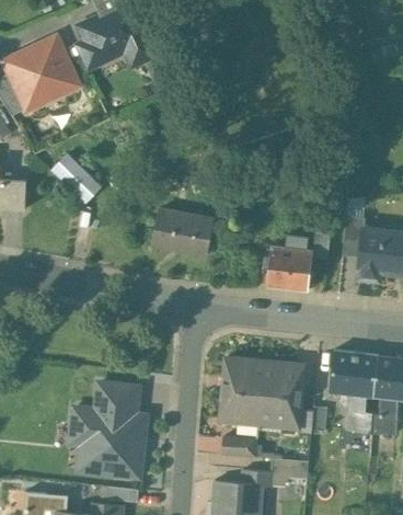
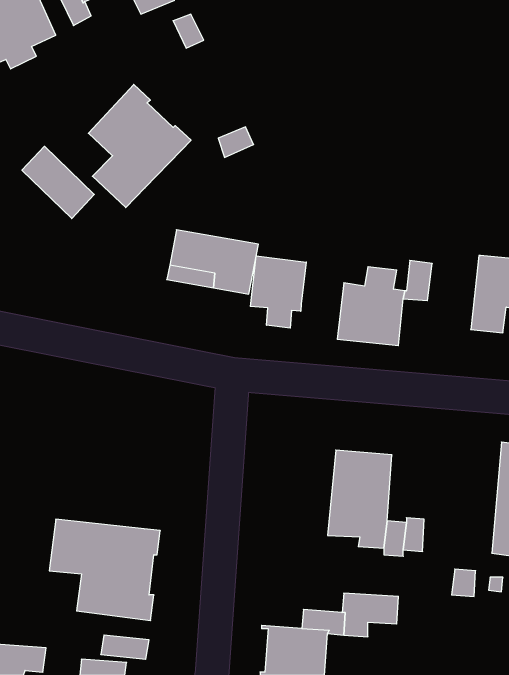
building: none -> [88,84,191,208]
building: [342,216,365,258] -> none
building: none -> [250,256,306,328]
building: [330,350,378,431] -> none
building: [220,357,265,422] -> none
building: [95,382,138,414] -> none
building: [223,435,257,457] -> none

